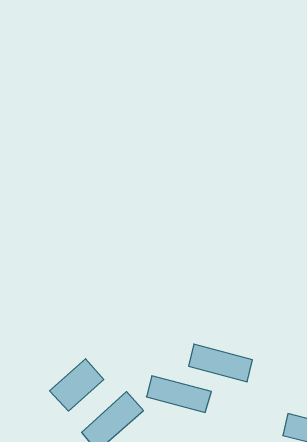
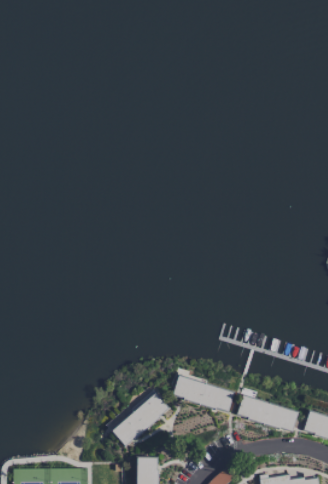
building: [189,344,252,382] -> [237,395,298,431]
building: [50,359,104,411] -> none

